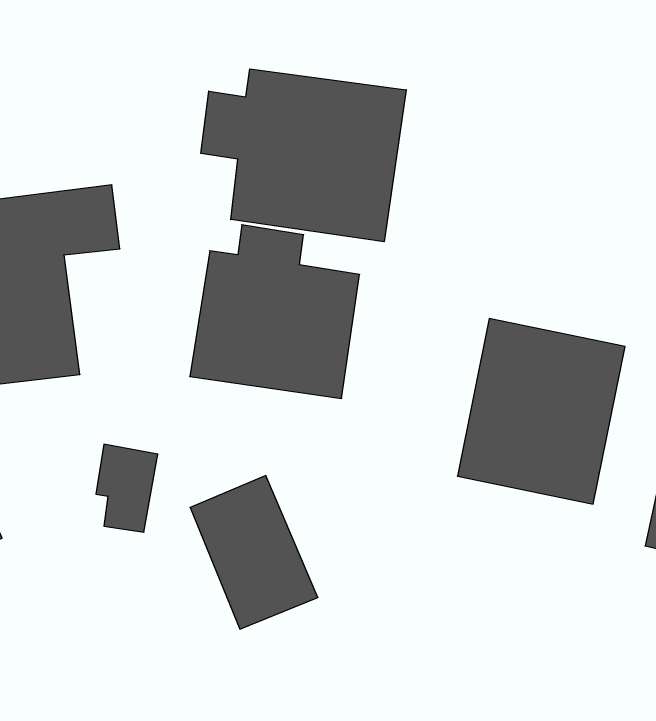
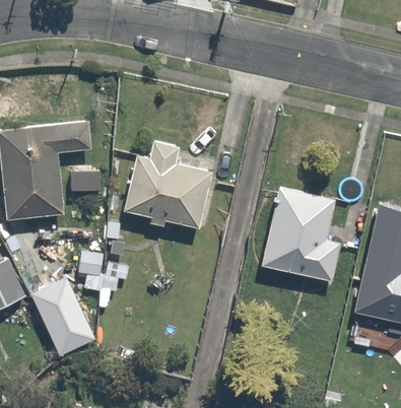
building: [201,69,406,242] -> none
building: [190,476,318,629] -> [34,285,98,363]

